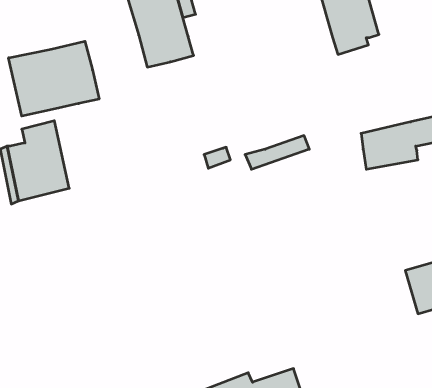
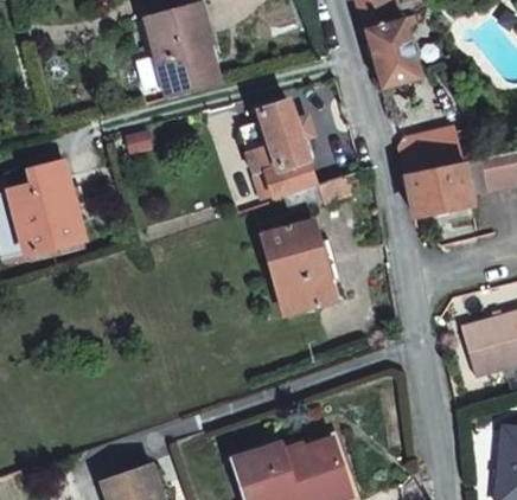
building: [9,41,99,116] -> none
building: none -> [249,100,317,197]
building: none -> [400,122,465,174]
building: none -> [262,222,334,312]

